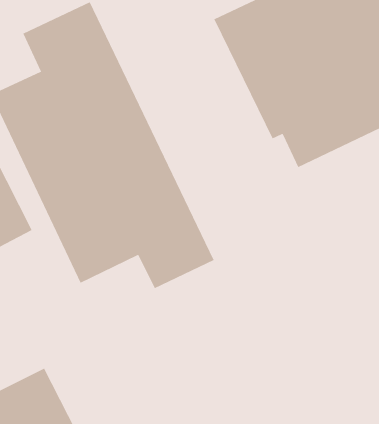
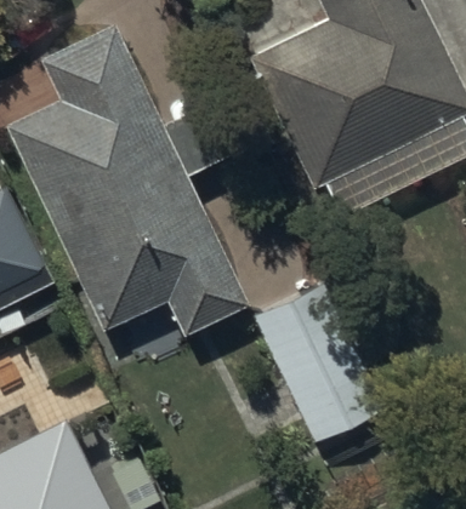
building: none -> [252,285,386,448]

